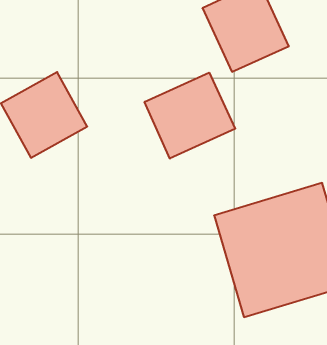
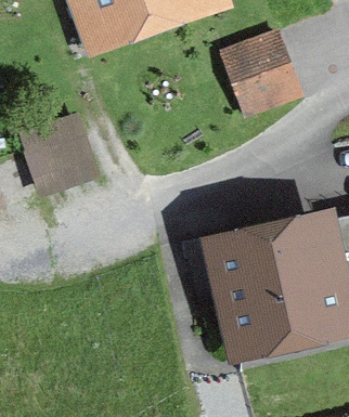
building: [145,73,235,159] -> none

